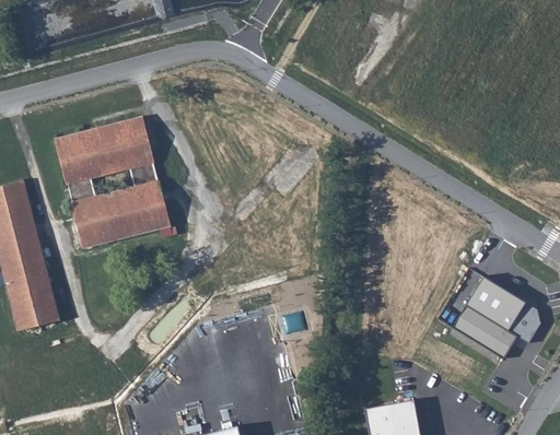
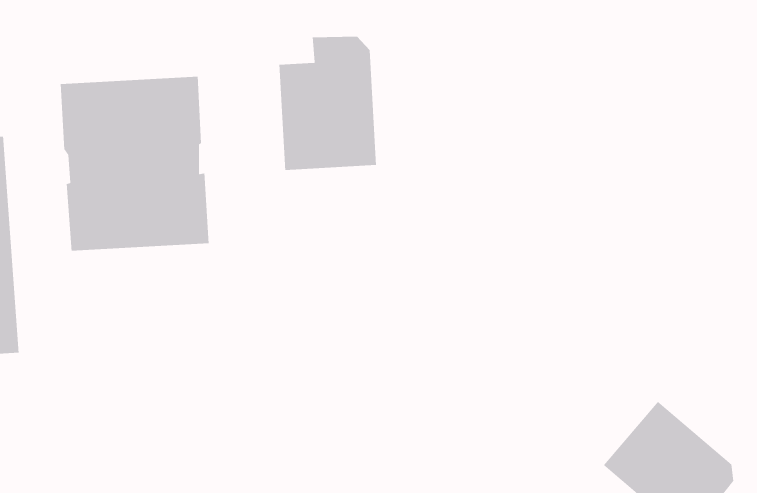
building: none -> [278,36,377,171]

